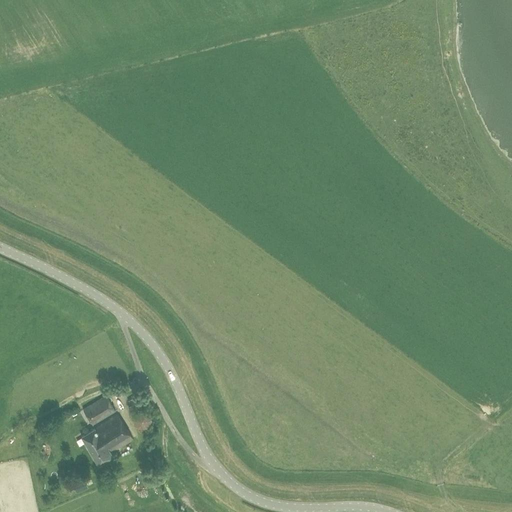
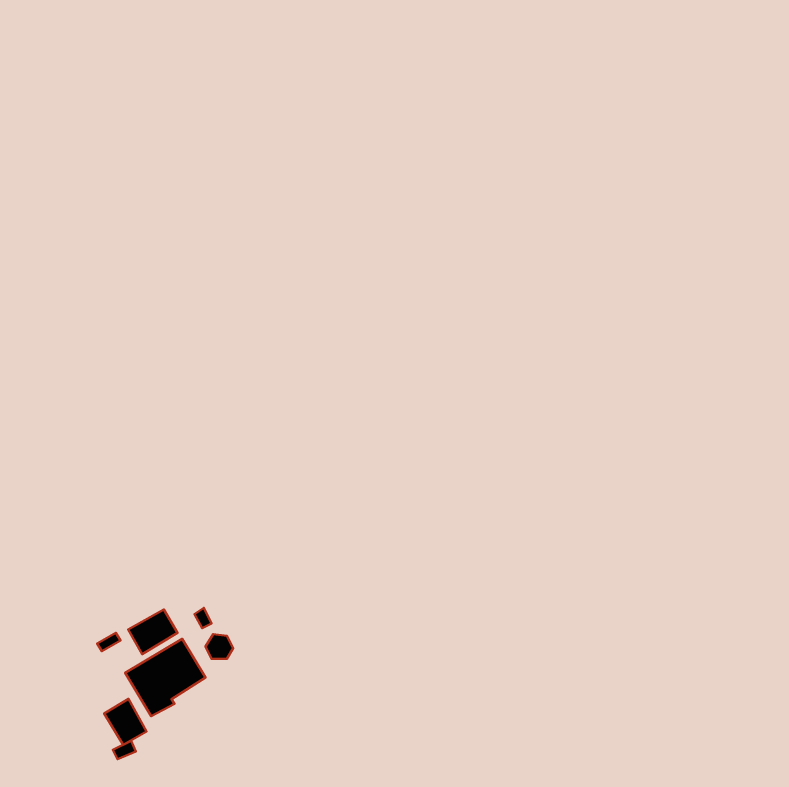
building: none -> [104,699,147,745]

